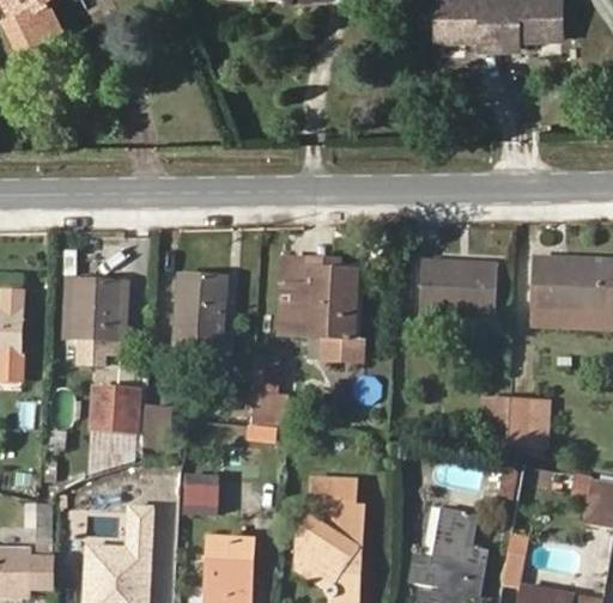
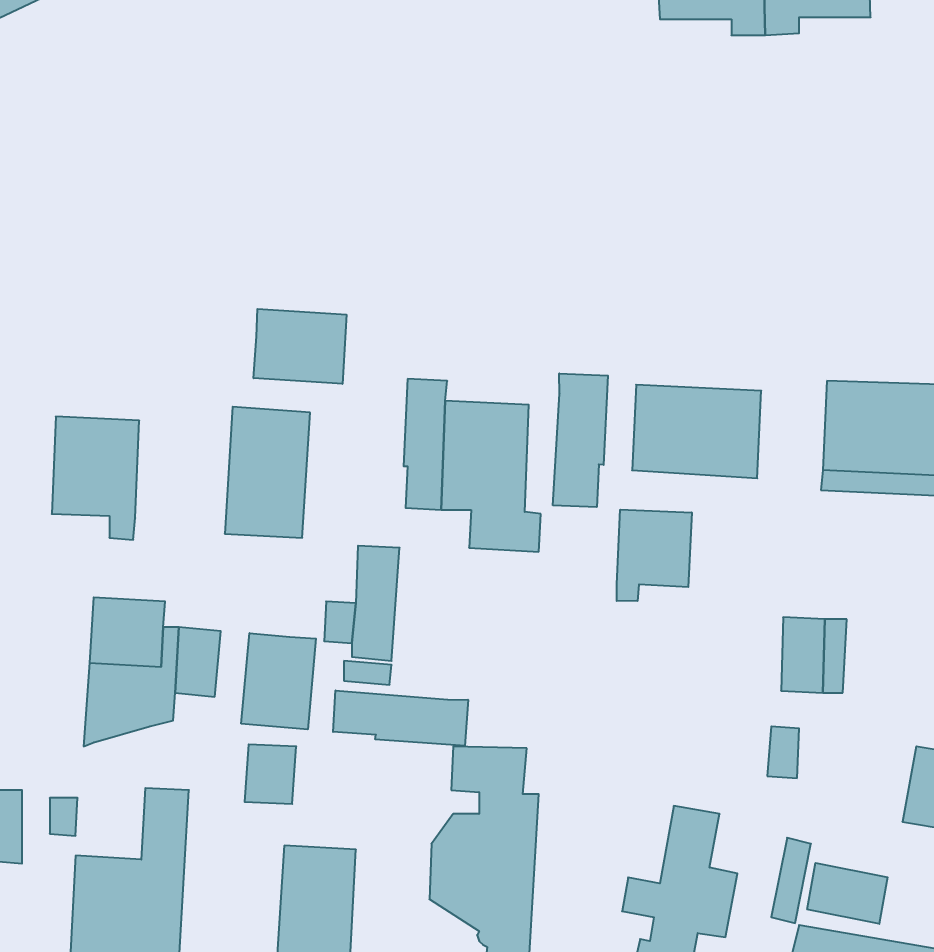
building: none -> [254,309,346,384]
building: none -> [553,373,608,507]
building: none -> [617,510,692,601]
building: [482,398,510,444] -> none
building: none -> [241,633,316,729]
building: none -> [333,690,468,746]
building: none -> [807,863,888,924]

